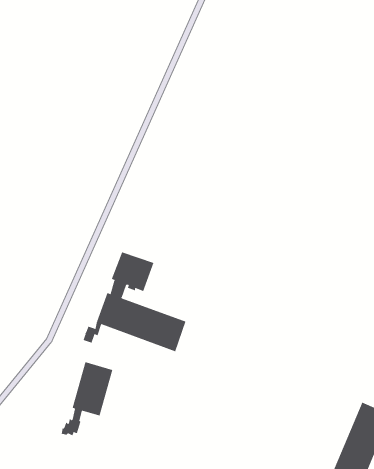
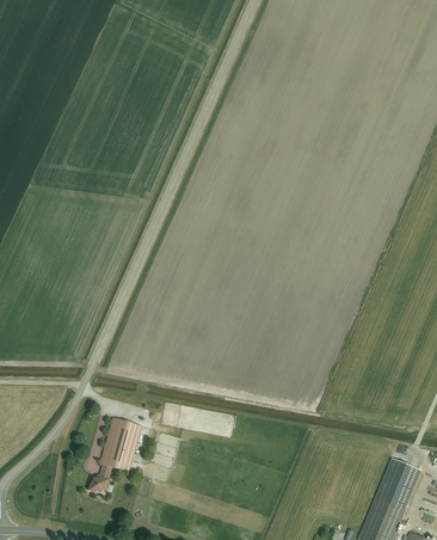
building: [83,251,186,352] -> none

